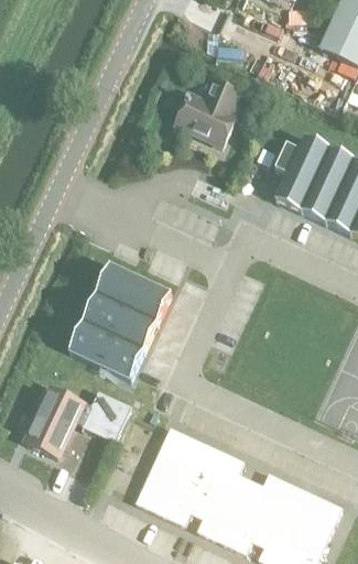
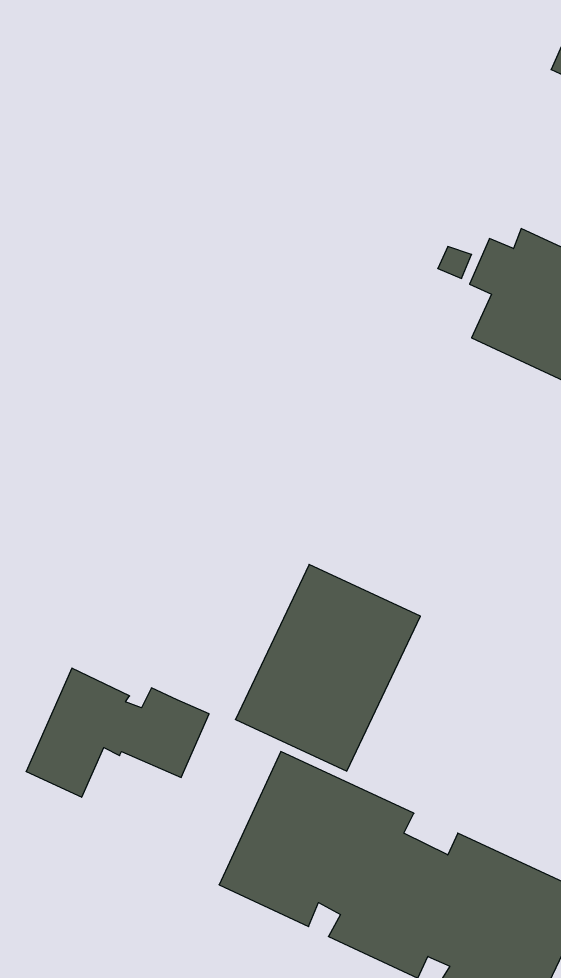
building: [177,82,243,145] -> none
building: [68,263,171,378] -> [235,564,420,771]

